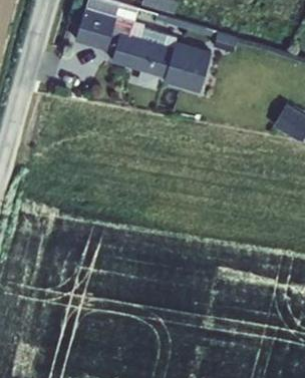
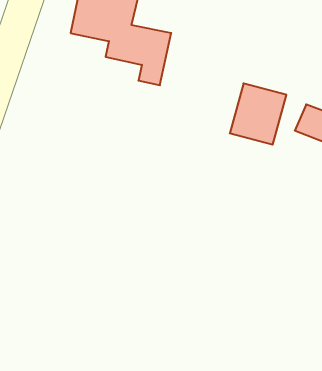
building: [164,41,214,95] -> [230,83,286,145]

